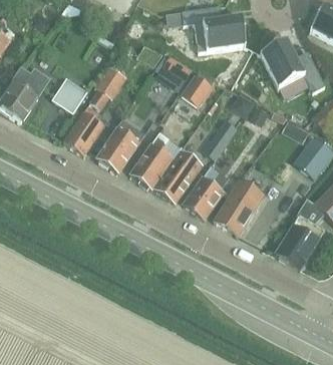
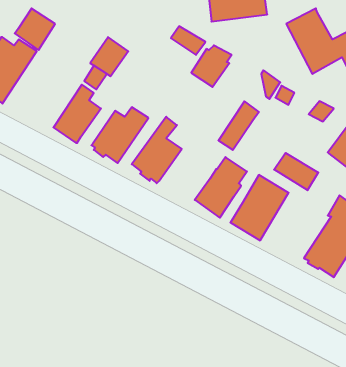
building: [53,76,87,111] -> [15,8,55,50]
building: [154,149,203,202] -> none
building: none -> [274,153,318,190]

